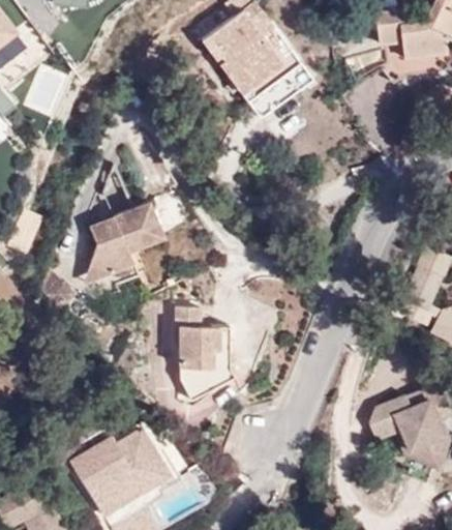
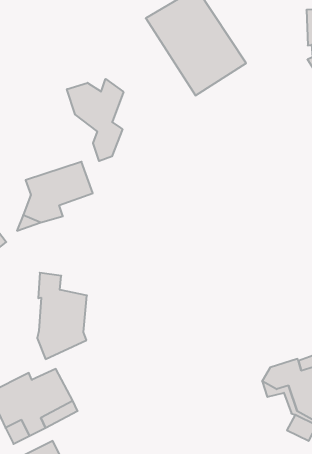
building: none -> [67,79,123,161]
building: [175,307,233,401] -> [37,273,87,359]

